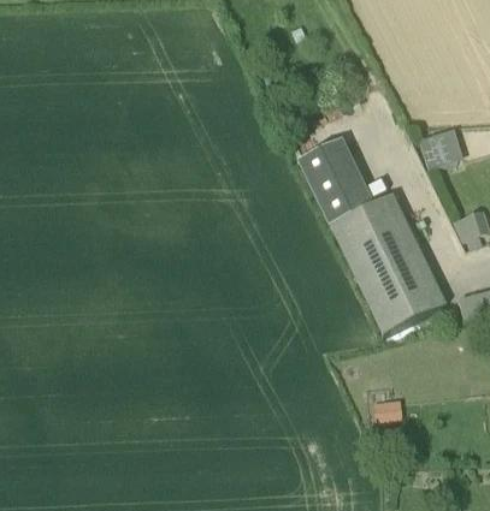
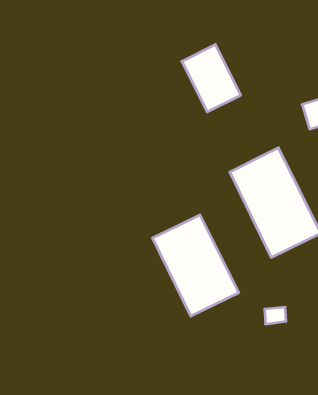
building: [297,138,373,225] -> [182,44,241,112]
building: none -> [153,215,239,316]

